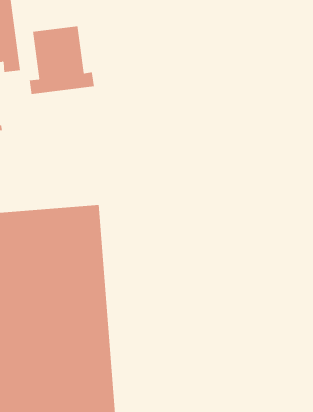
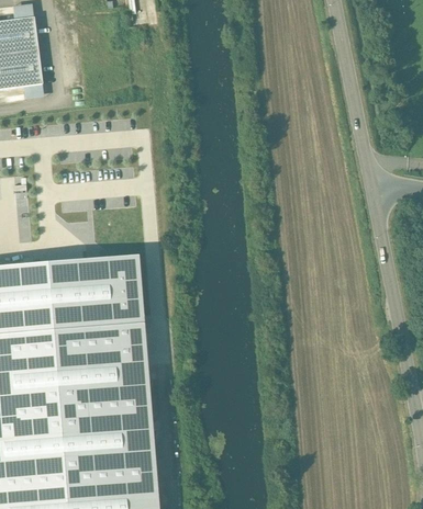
building: [29,25,95,95] -> none

